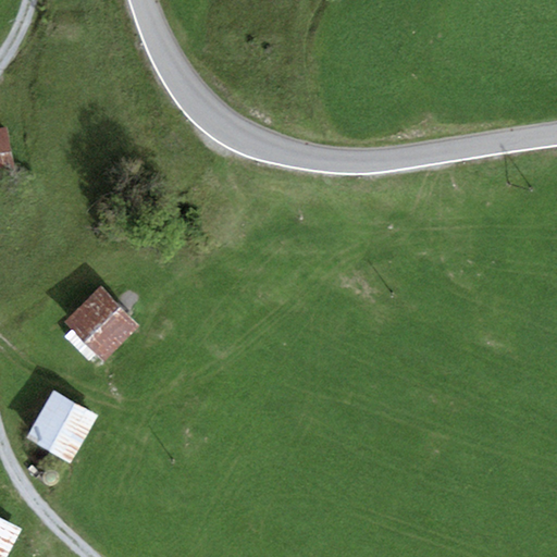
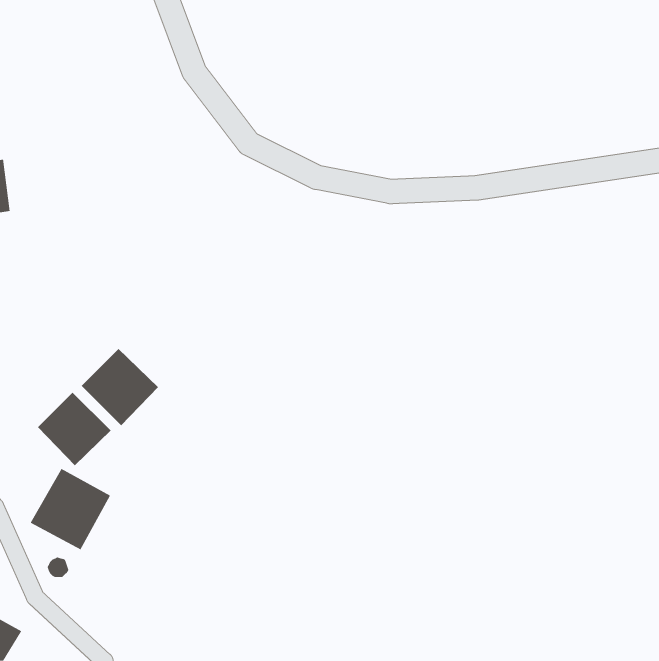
building: none -> [37,392,111,466]

